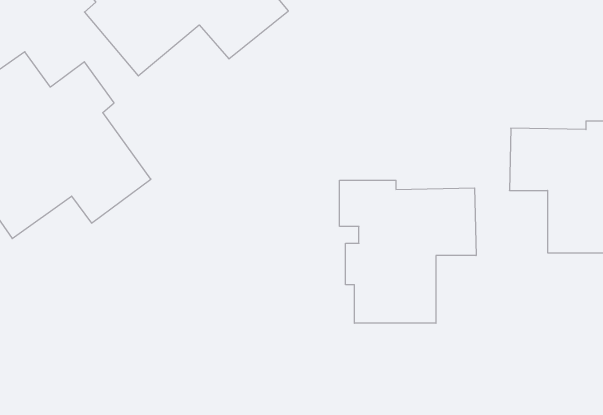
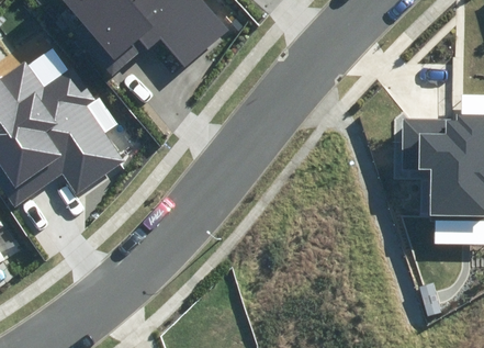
building: [340,180,476,323] -> none

